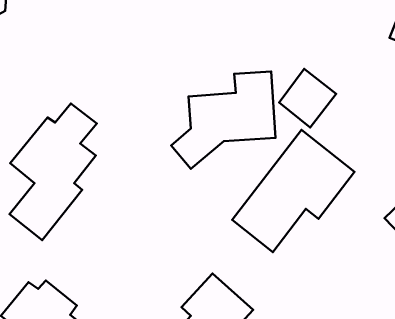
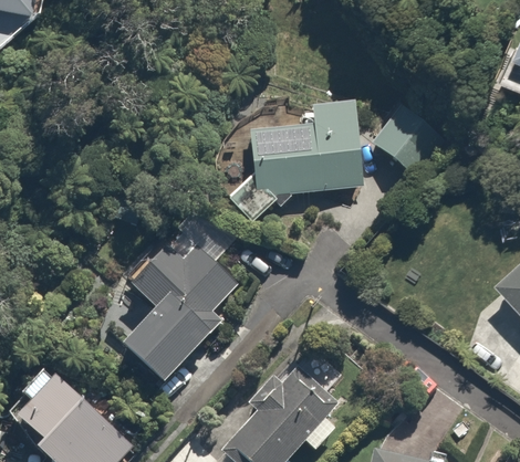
building: [9,104,97,240] -> [124,211,236,386]
building: [232,130,355,252] -> none

